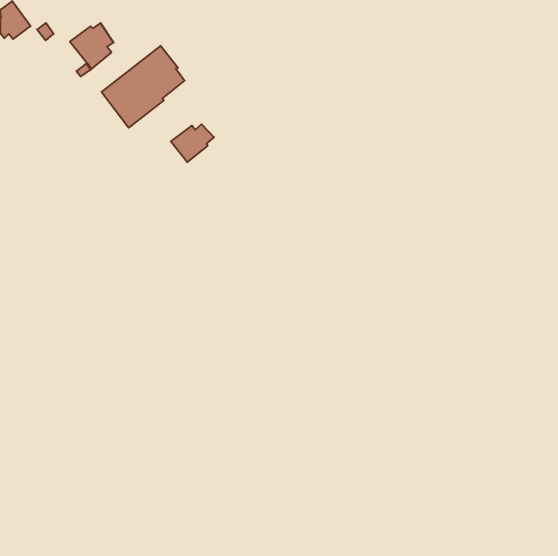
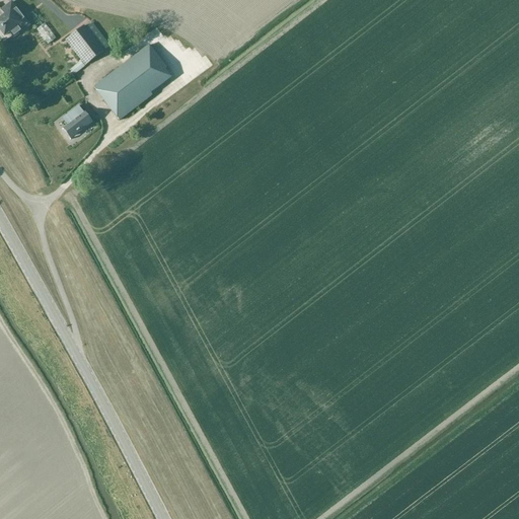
building: none -> [62,104,92,135]
building: [171,124,214,162] -> none

